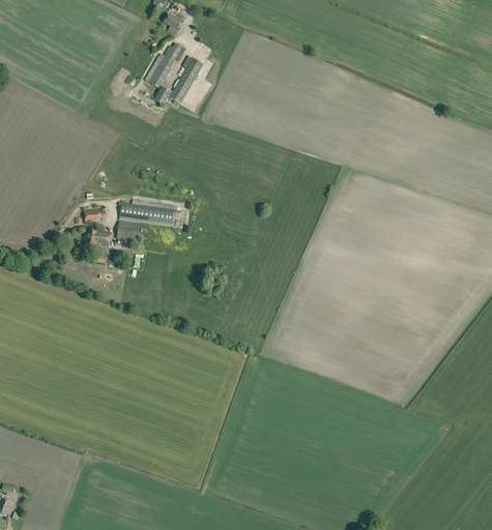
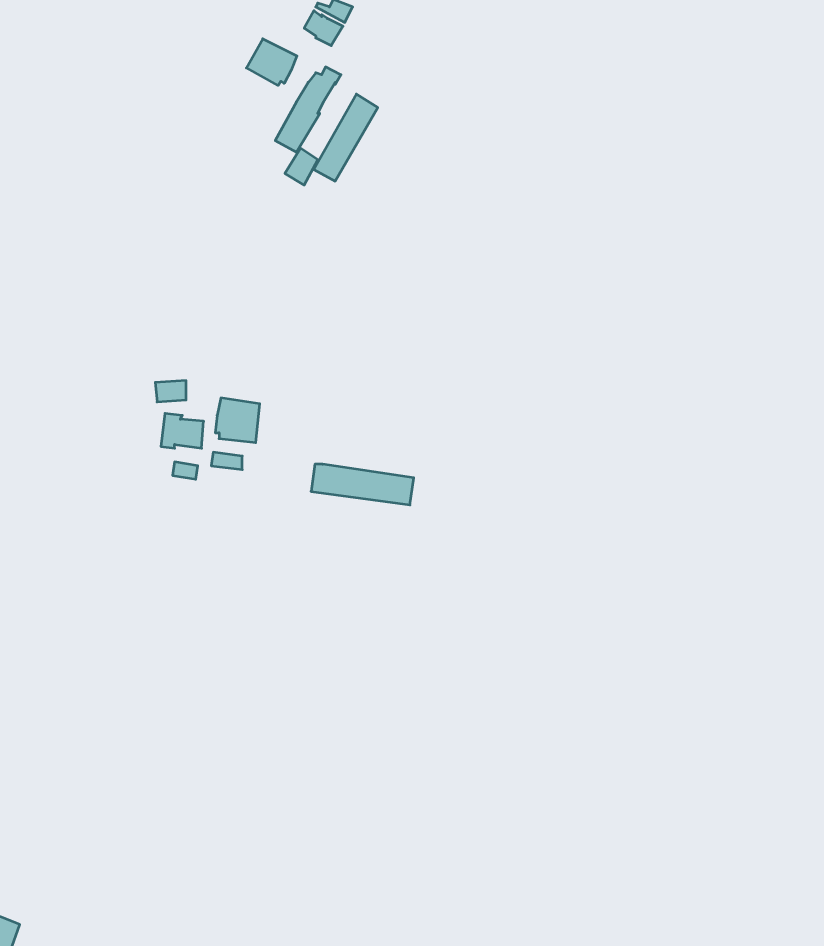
building: none -> [246,39,297,85]
building: [119,202,174,224] -> [311,464,414,505]

